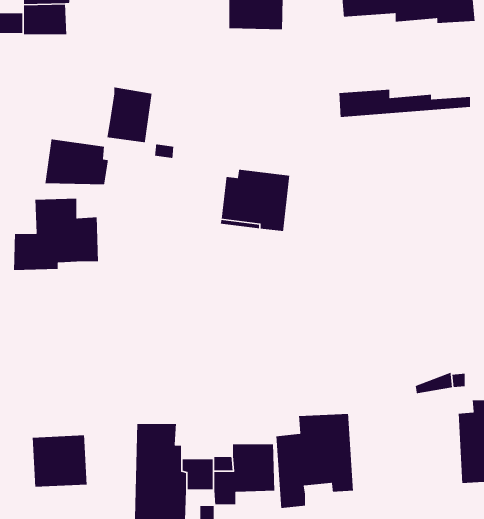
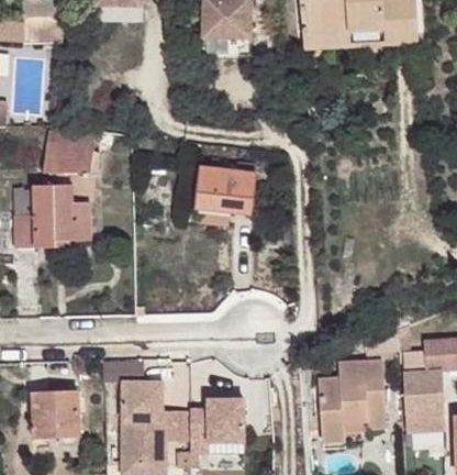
building: [106,87,152,143] -> none
building: [339,89,471,118] -> [303,24,419,49]
building: [276,413,354,509] -> [319,360,387,443]

